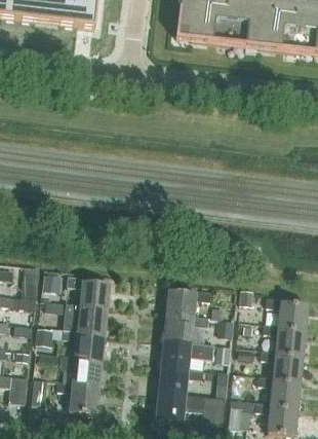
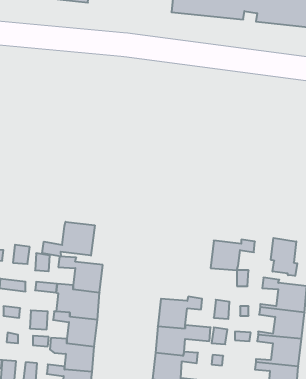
building: none -> [42,222,95,257]
building: none -> [271,238,297,276]
building: [166,290,209,320] -> [211,240,255,270]

